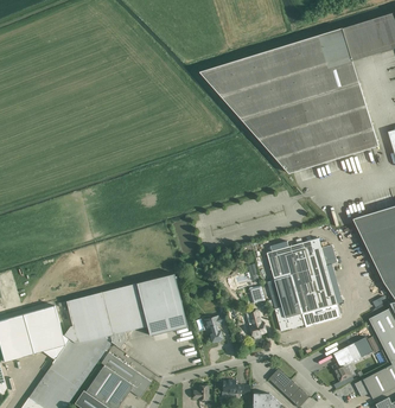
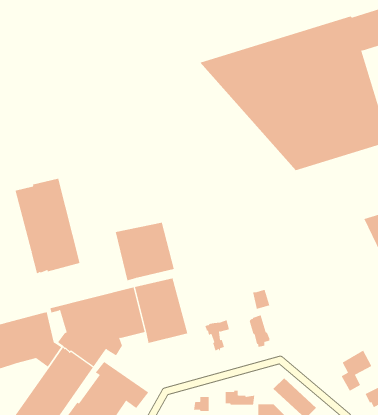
building: none -> [15,178,80,274]
building: none -> [115,222,174,281]
building: [267,238,337,331] -> none

